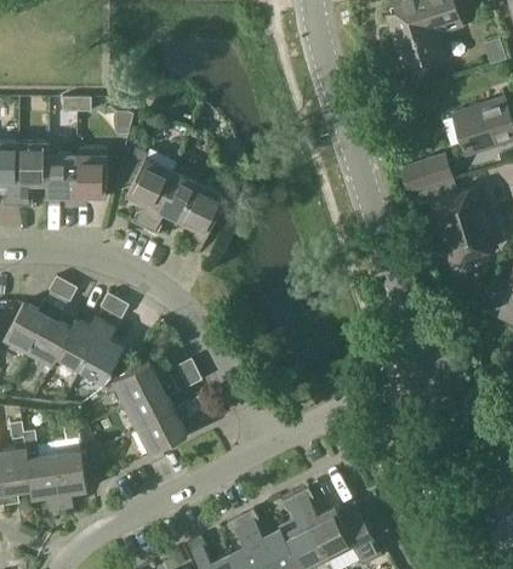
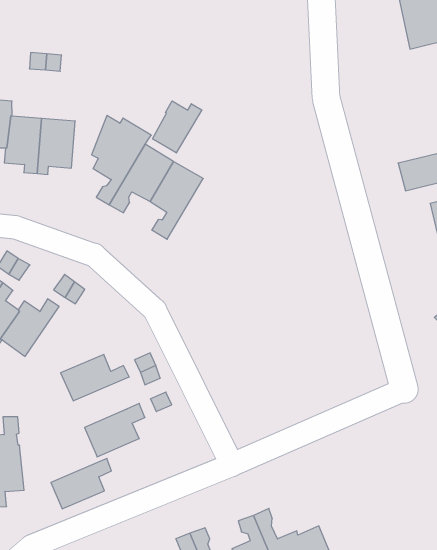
building: none -> [153,101,202,153]
building: [79,323,124,383] -> none
building: [125,381,178,429] -> [51,458,111,509]

